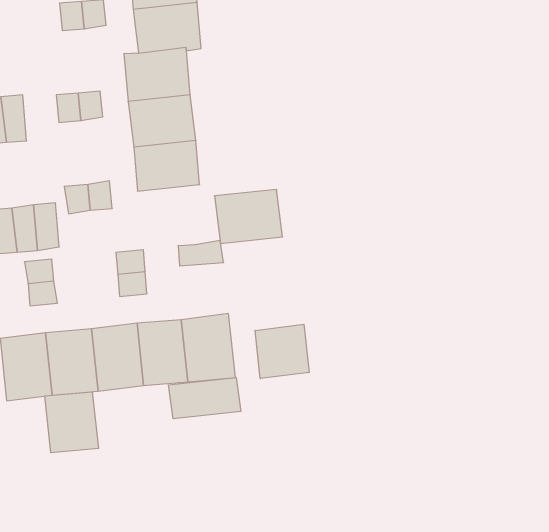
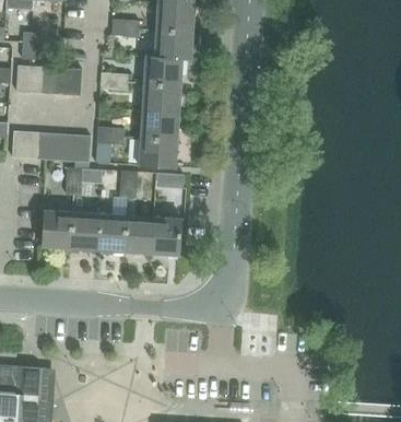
building: [214,189,283,243] -> [139,138,177,168]
building: [255,324,309,379] -> none
building: [168,378,241,419] -> none
building: [45,392,98,453] -> none

